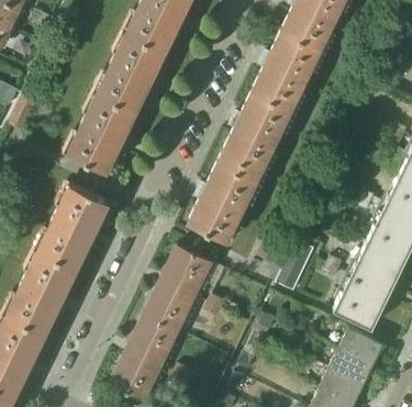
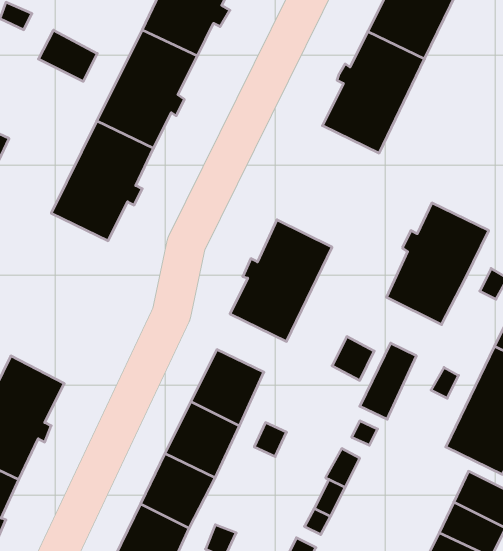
building: none -> [38,30,97,81]
building: [219,93,288,176] -> [386,203,489,325]
building: [38,183,108,268] -> none

